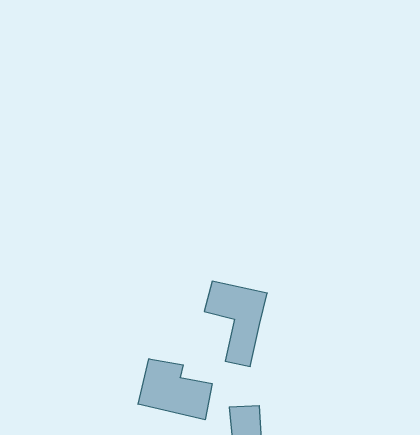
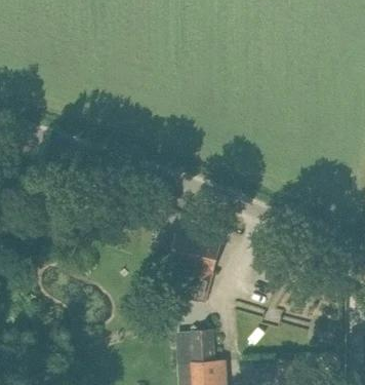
building: [138,359,212,420] -> none

